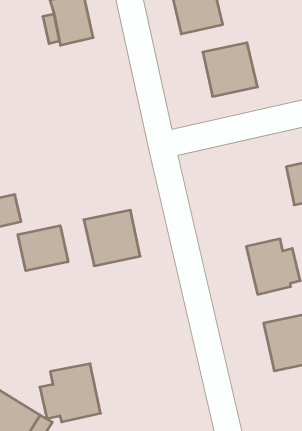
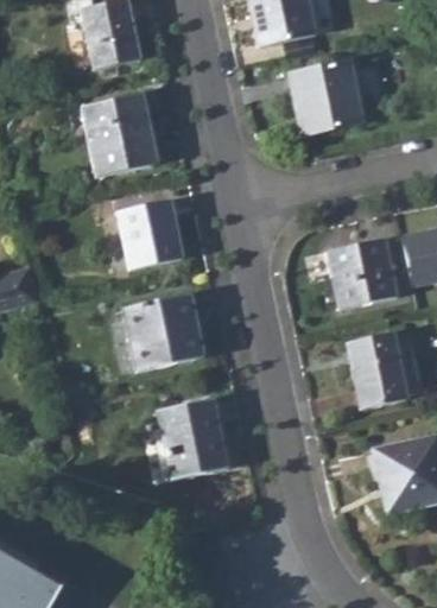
building: none -> [83,93,157,173]
building: none -> [118,197,182,266]
building: none -> [325,240,398,310]
building: [18,226,68,271] -> none
building: [40,364,101,422] -> [144,399,227,479]

